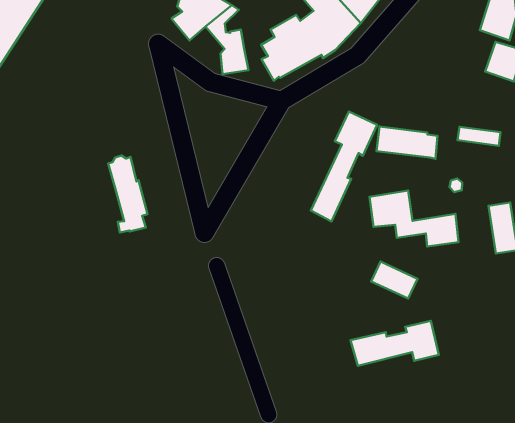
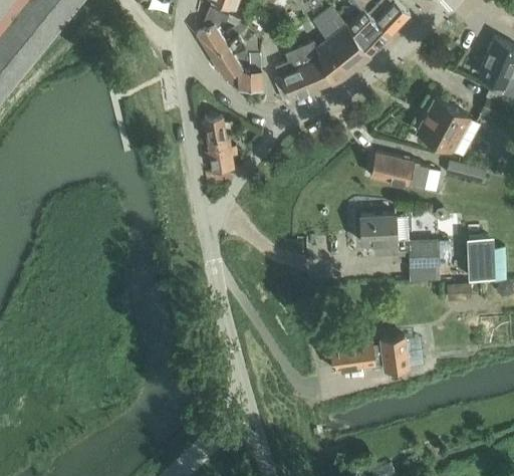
building: none -> [211,45,242,90]
building: none -> [417,98,481,157]
building: [311,112,377,222] -> none
building: [108,156,148,233] -> [203,113,234,184]
building: [371,262,417,299] -> none

